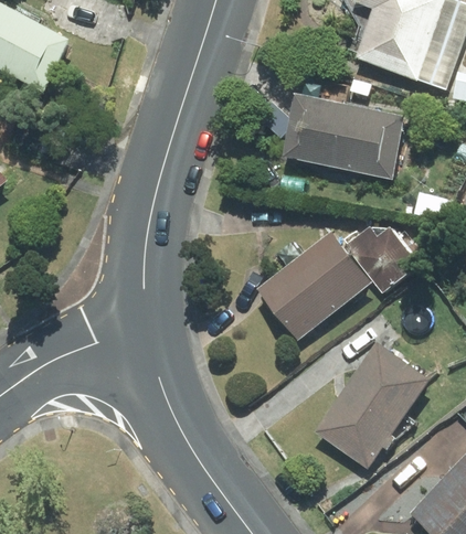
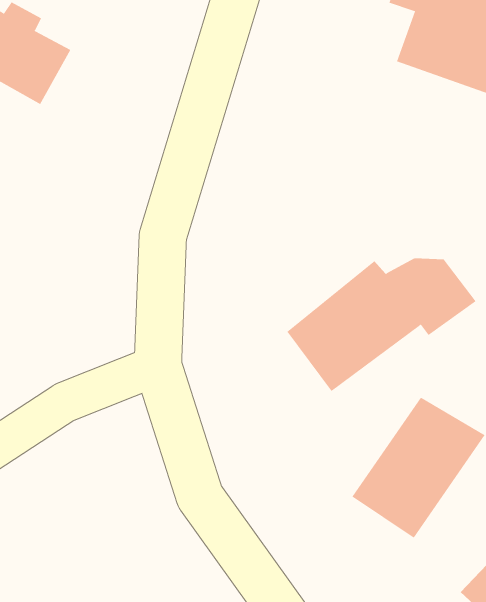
building: [283,77,402,180] -> none

